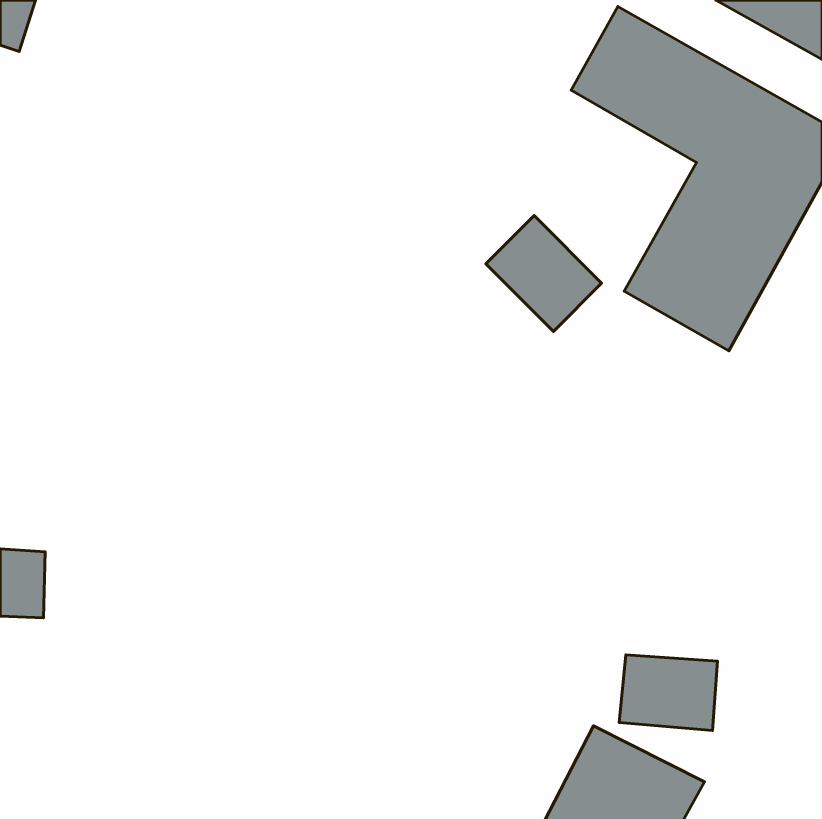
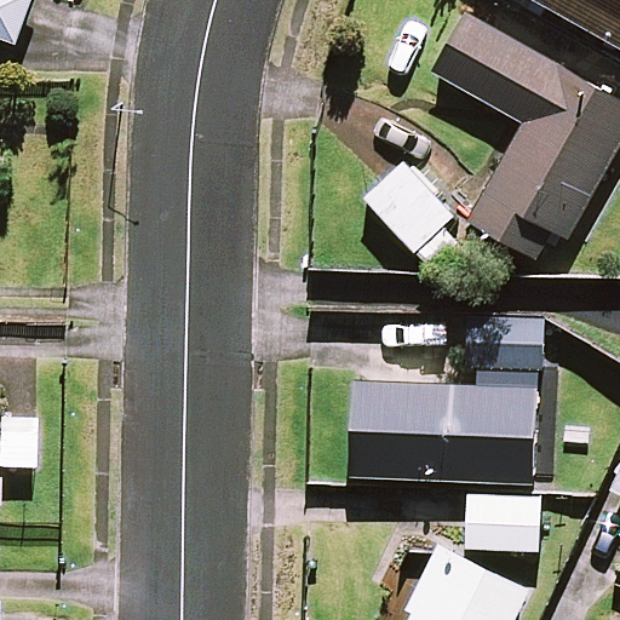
building: none -> [351,318,540,483]

